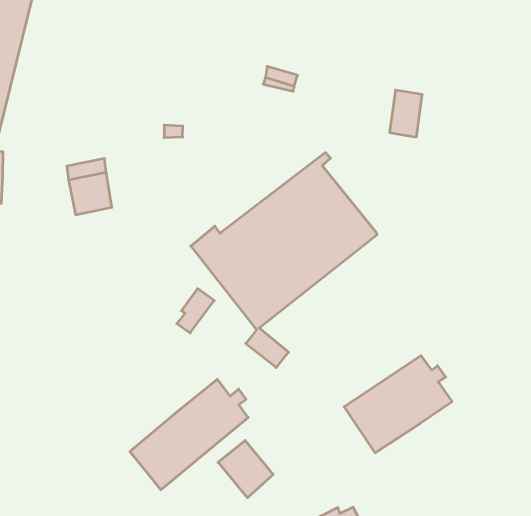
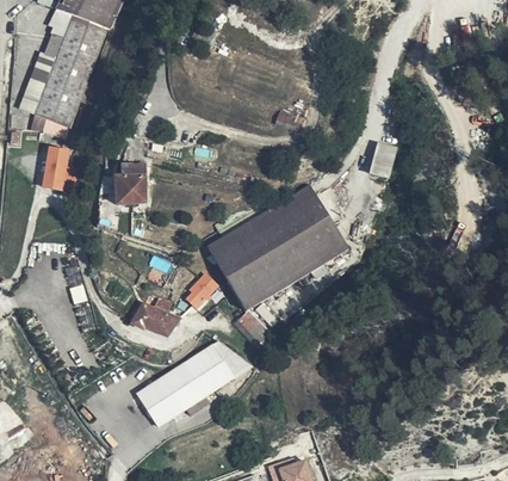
building: none -> [131,303,178,337]
building: [344,356,452,453] -> none
building: [218,440,273,498] -> none

